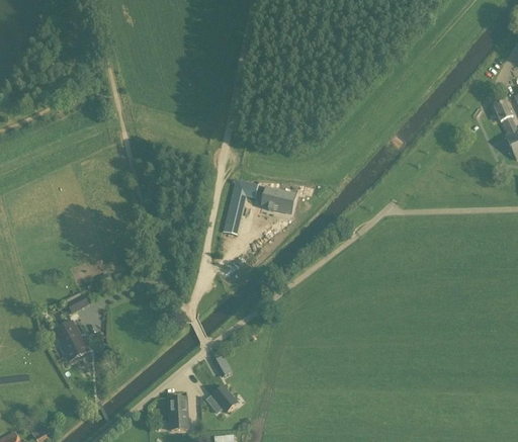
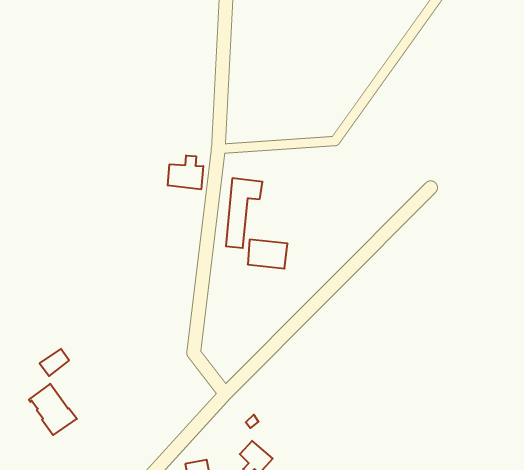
building: none -> [168,155,203,189]
building: [263,186,296,212] -> [248,240,288,269]

